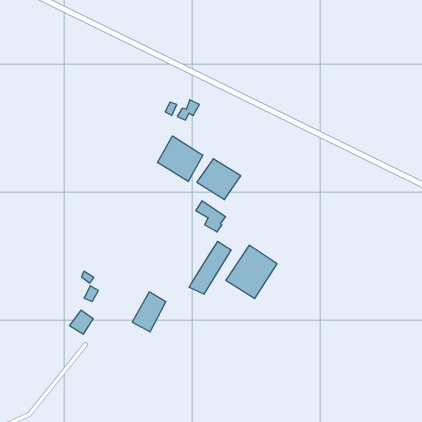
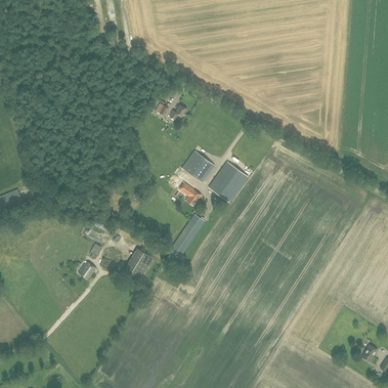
building: [157,136,203,182] -> none
building: [226,245,277,299] -> [207,161,247,202]

